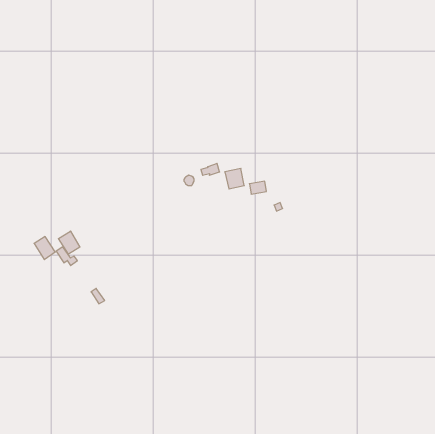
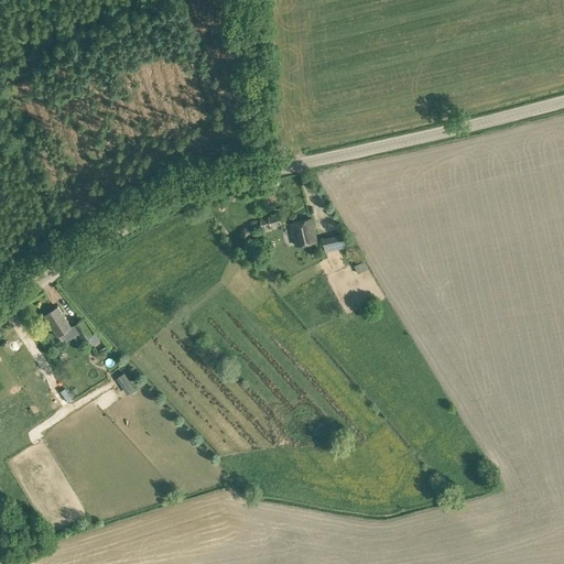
building: [58,231,80,254] -> none

